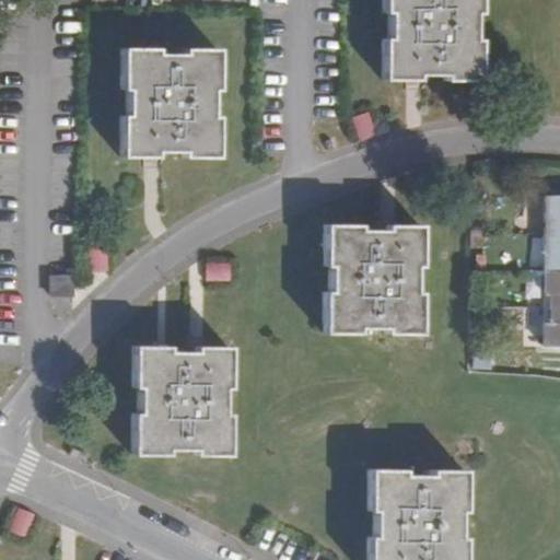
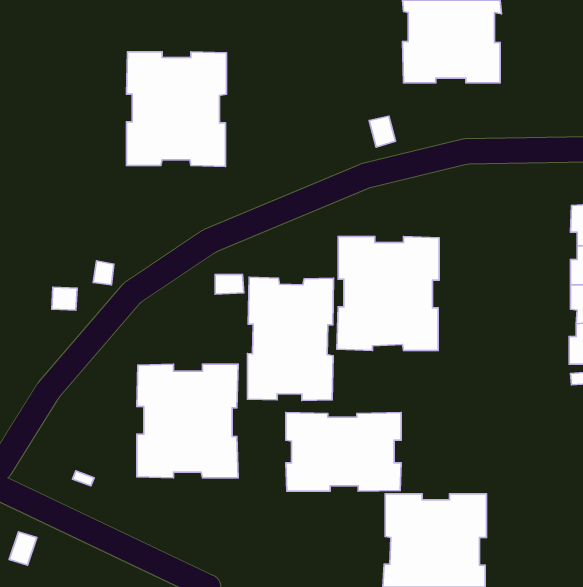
building: none -> [248,277,334,400]
building: none -> [286,413,401,491]

